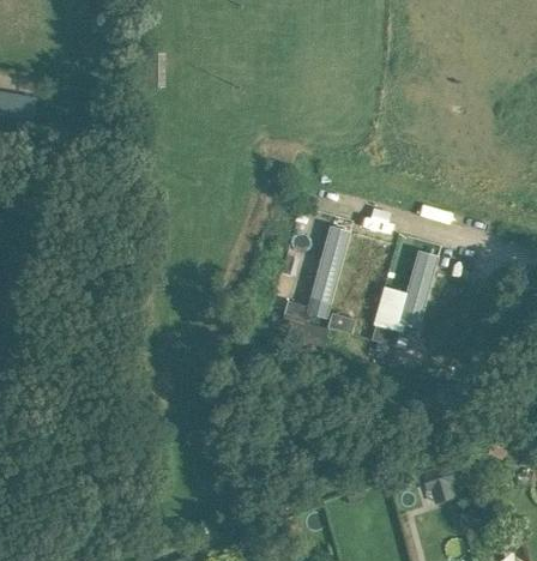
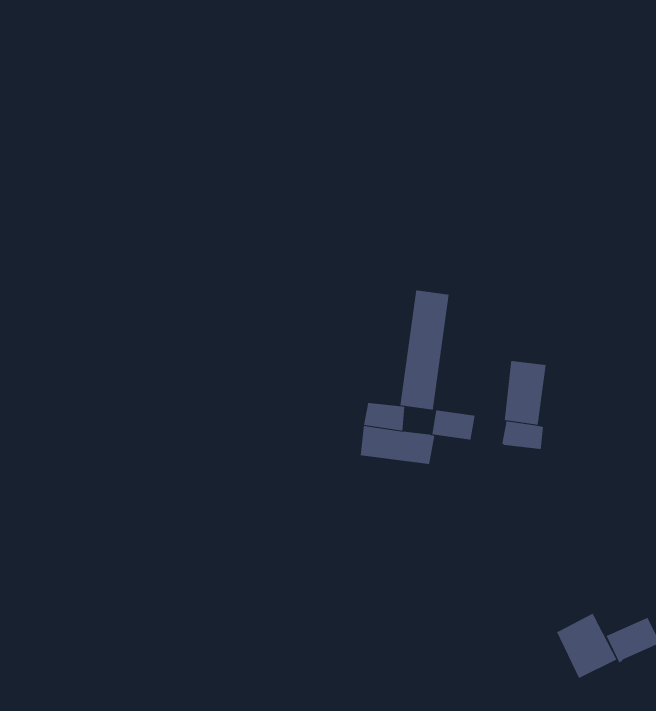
building: [396,252,439,332] -> none
building: none -> [556,613,617,679]

